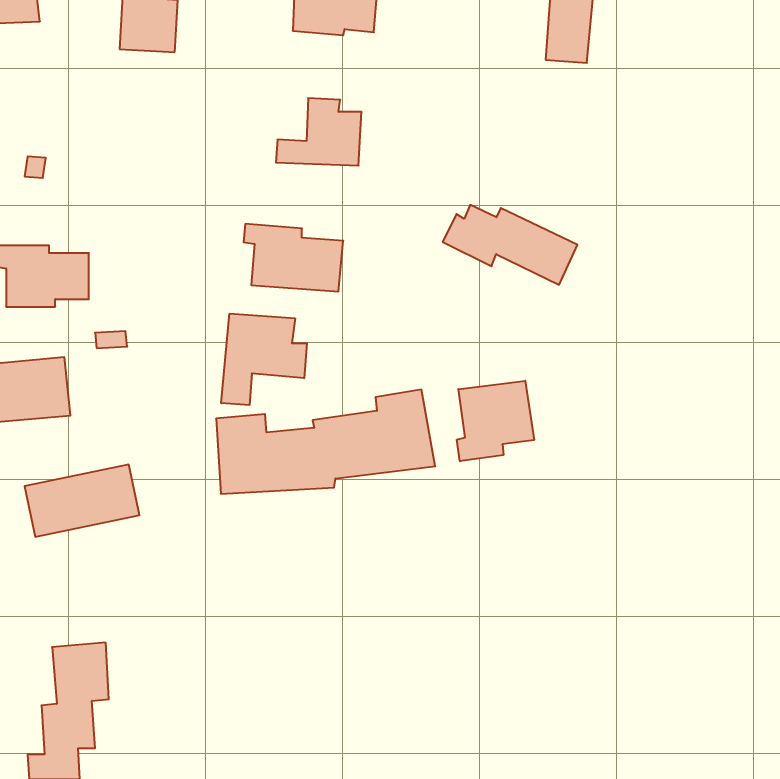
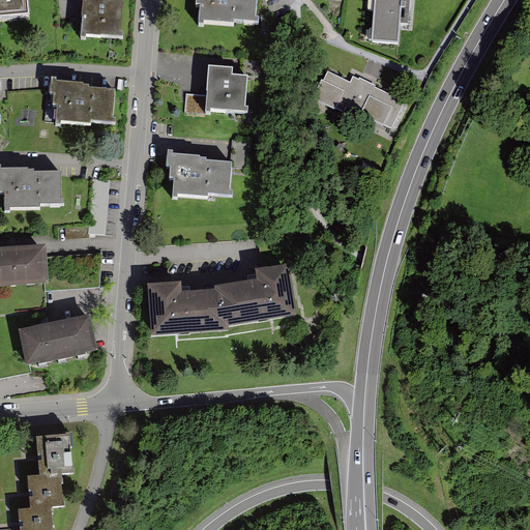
building: none -> [52,79,114,124]
building: [443,205,577,285] -> [312,71,403,125]
building: [221,314,307,405] -> none
building: [457,381,534,461] -> none

